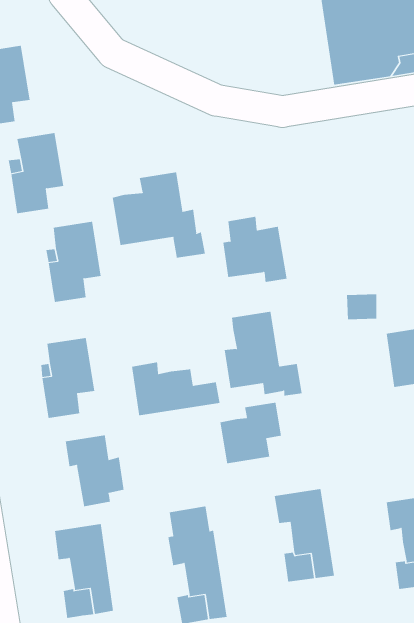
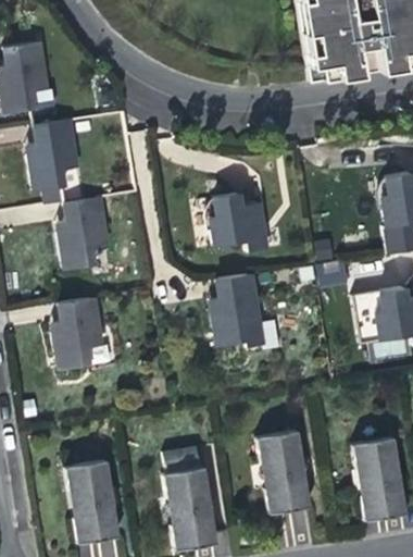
building: [112,172,205,259] -> none
building: [131,361,220,416] -> none
building: [220,402,281,464] -> none
building: [65,435,124,507] -> none

